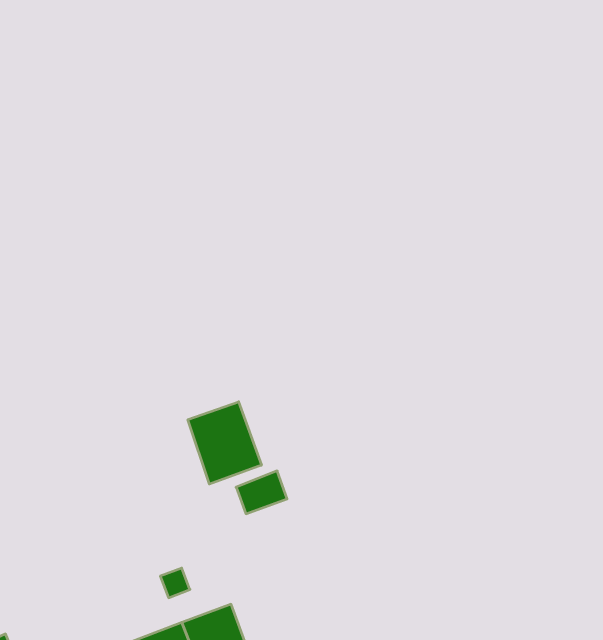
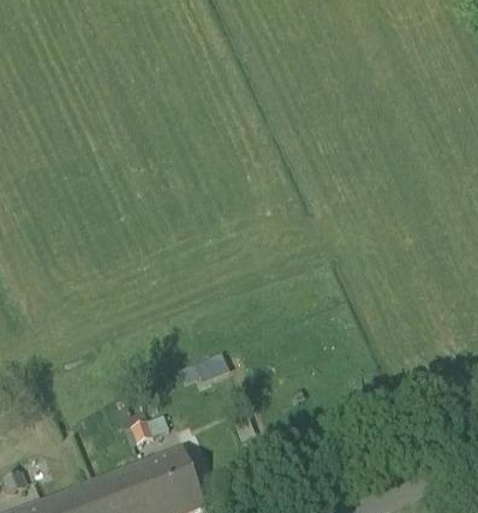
building: [188,402,261,484] -> none

